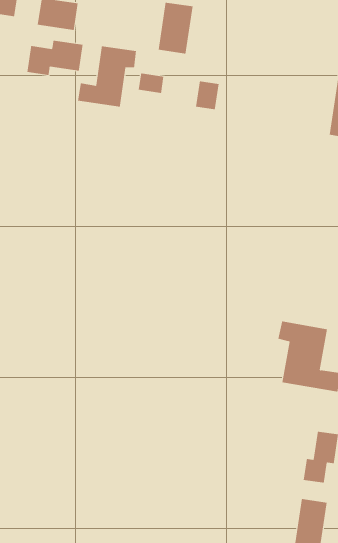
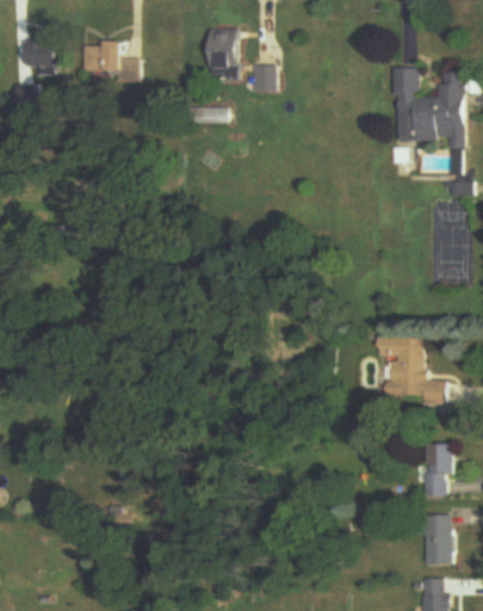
building: [27,40,83,76] -> none
building: [77,45,137,108] -> none
building: [195,81,220,110] -> [250,66,272,93]

